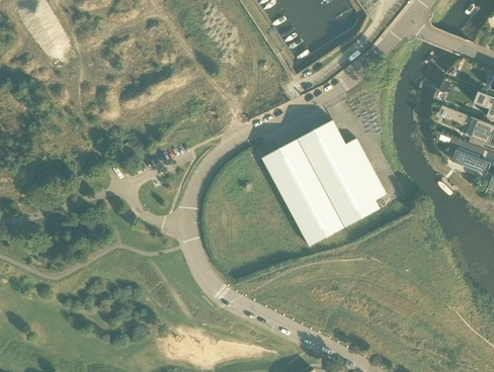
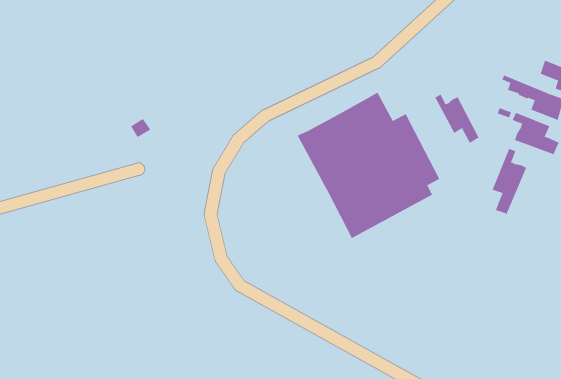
building: none -> [435,94,480,144]
building: none -> [492,148,527,216]

